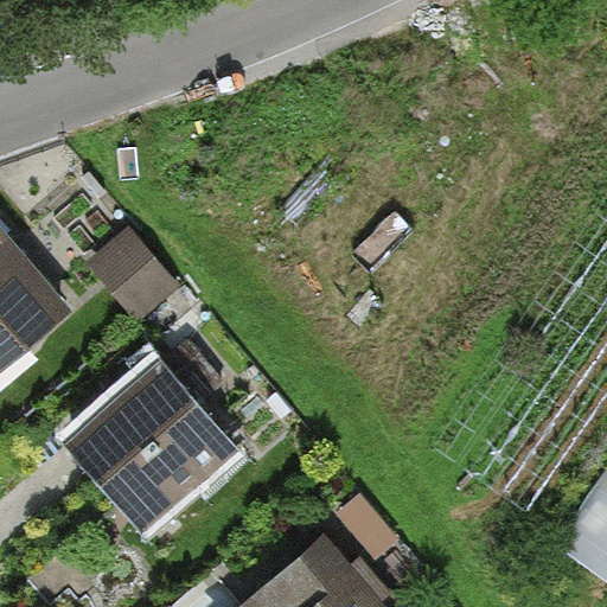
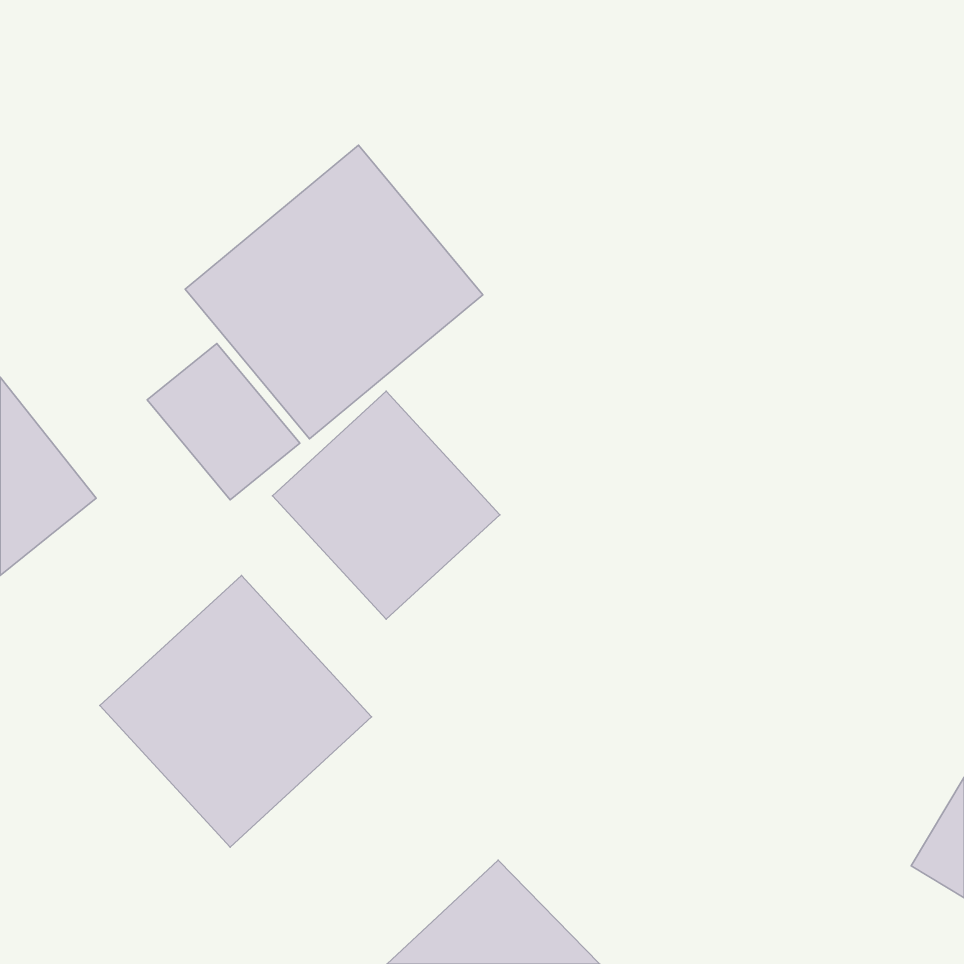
building: none -> [185,145,483,439]
building: none -> [273,391,500,619]

